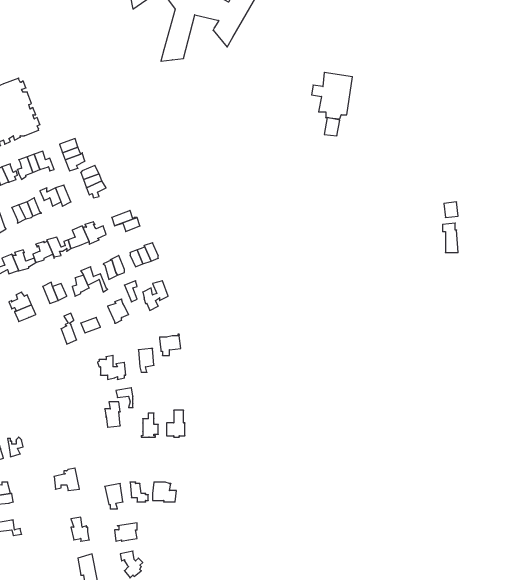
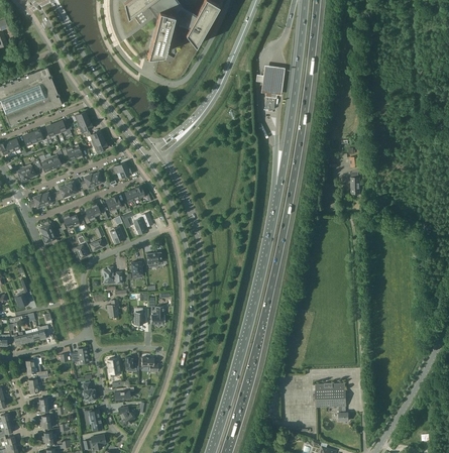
building: none -> [316,382,349,421]

